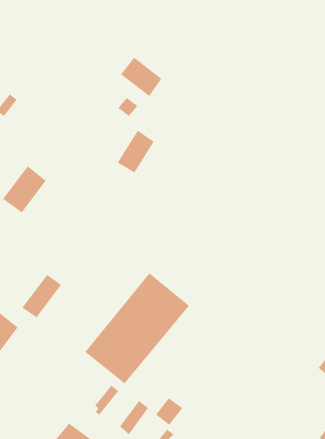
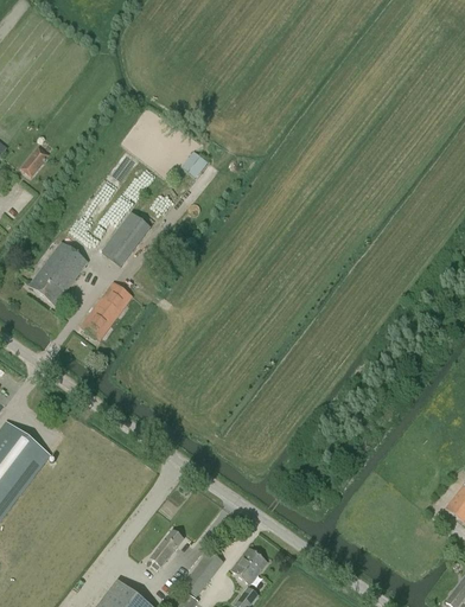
building: [120,57,162,97] -> none
building: [117,130,154,173] -> [103,209,153,266]
building: [84,272,190,384] -> none
building: [22,274,62,318] -> [79,281,133,339]

